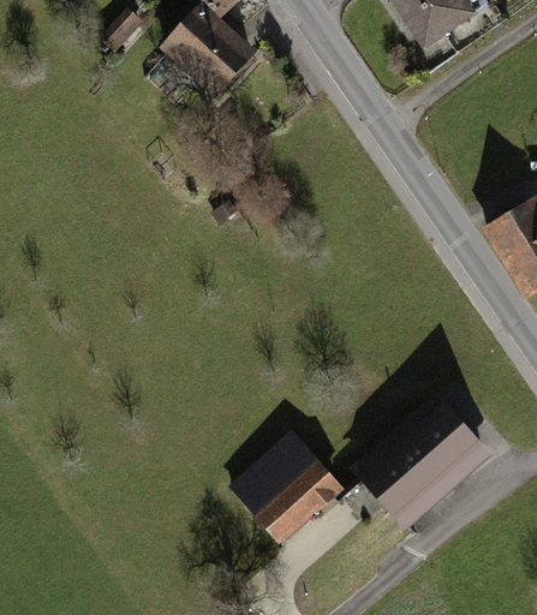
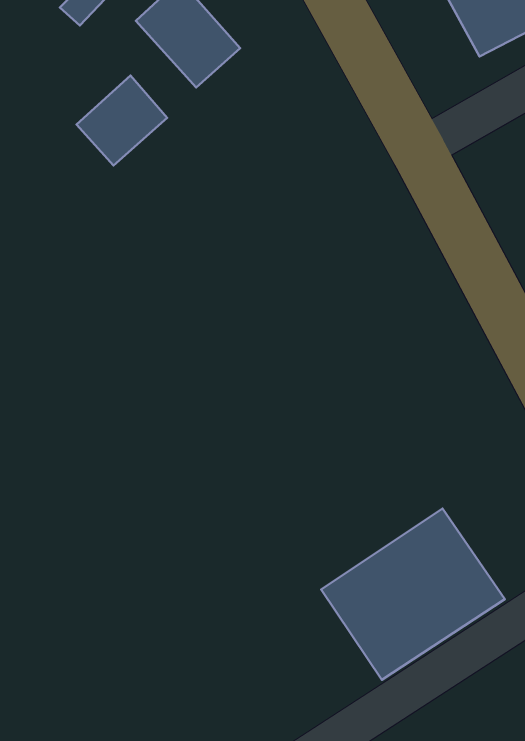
building: none -> [77,75,167,166]
building: [227,431,341,542] -> none

